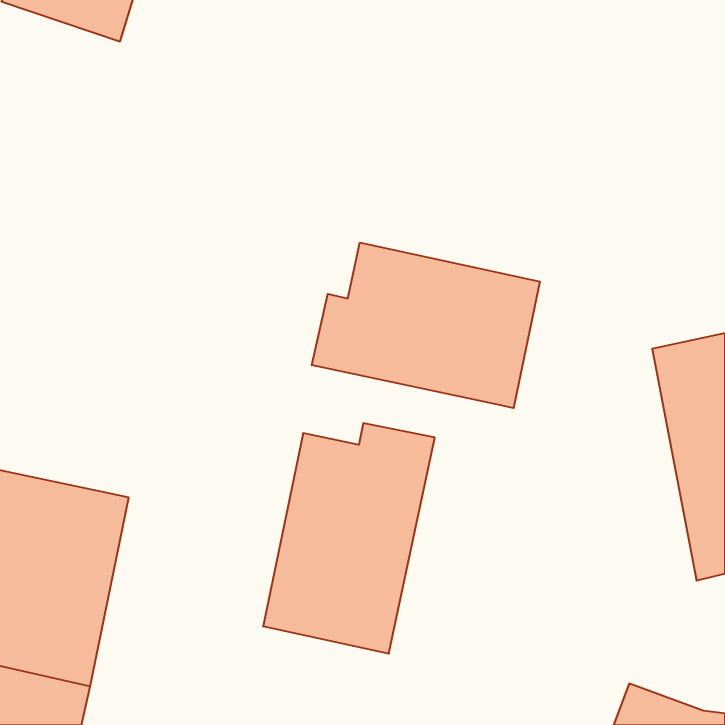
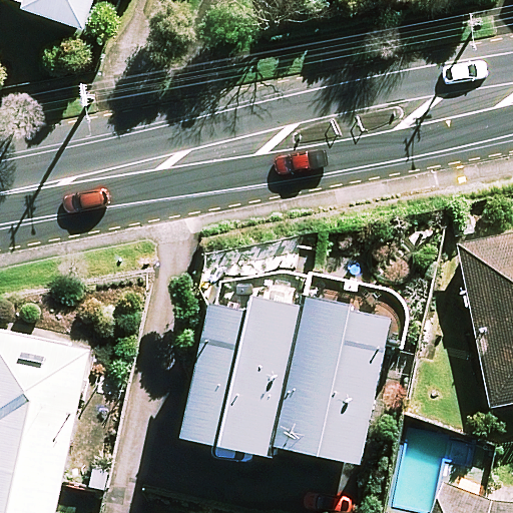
building: [312,243,540,408] -> none
building: none -> [275,295,393,466]

